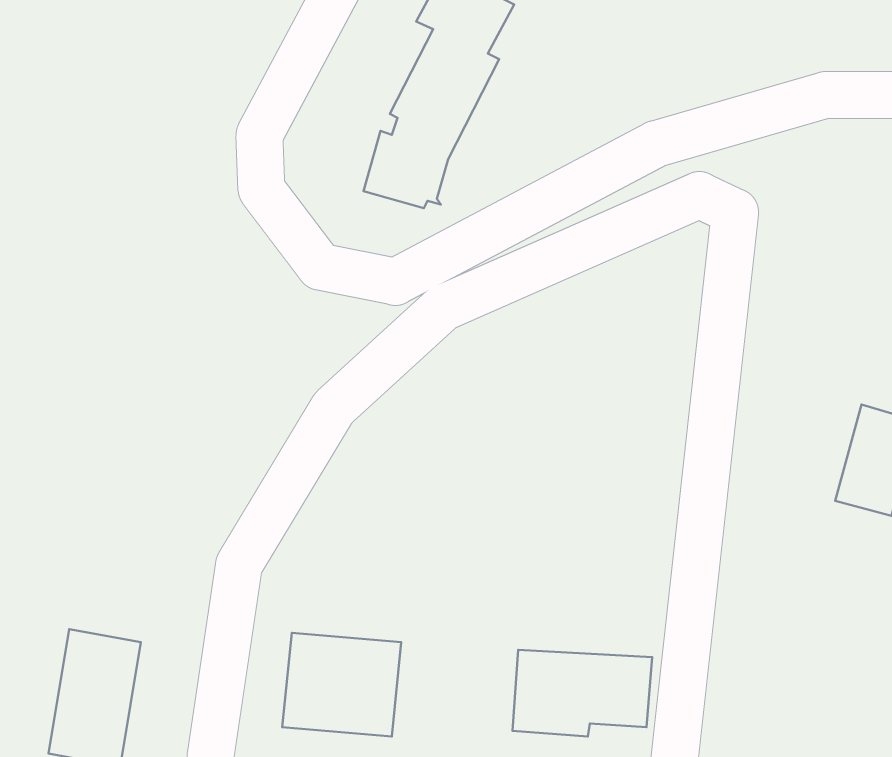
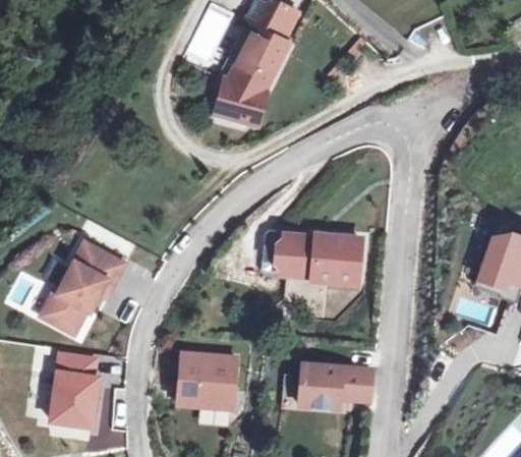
building: none -> [276,229,360,283]
building: none -> [40,239,128,335]

